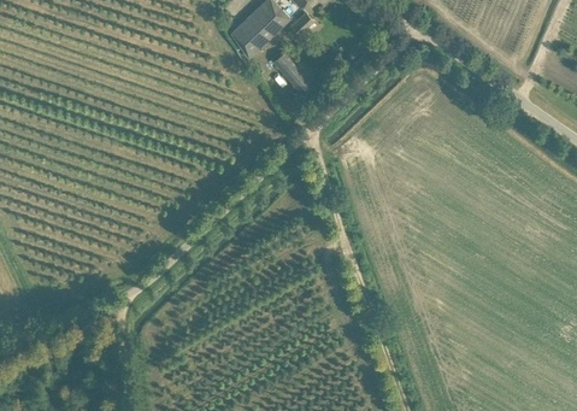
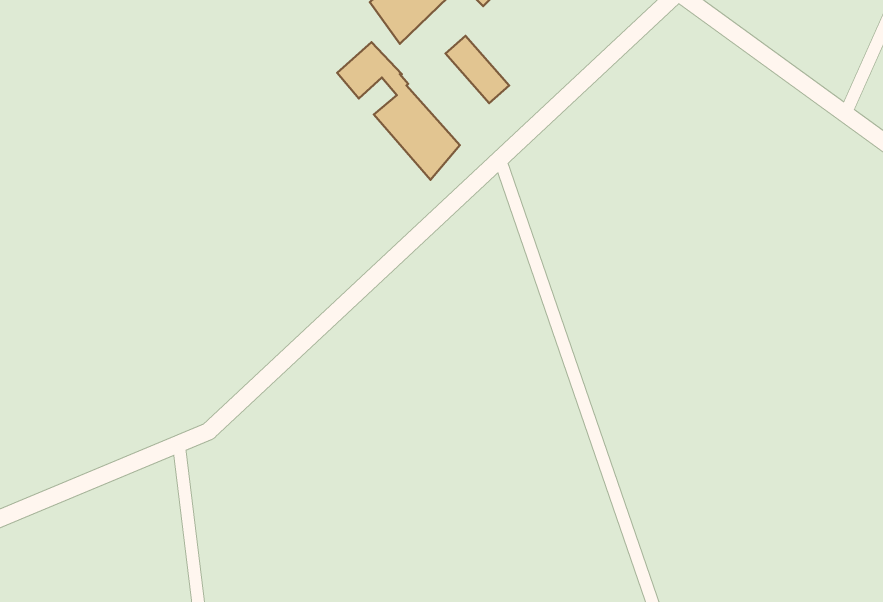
building: none -> [337,42,460,180]

